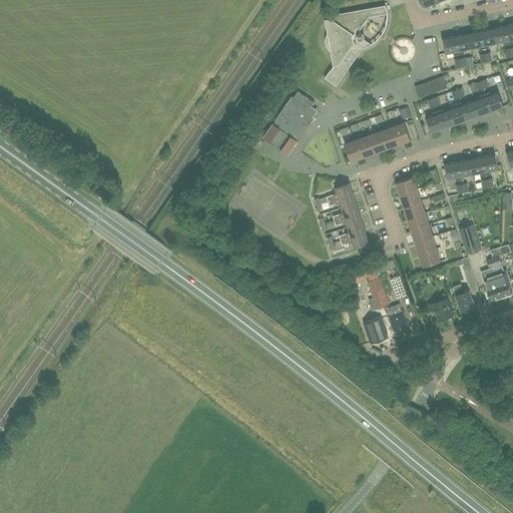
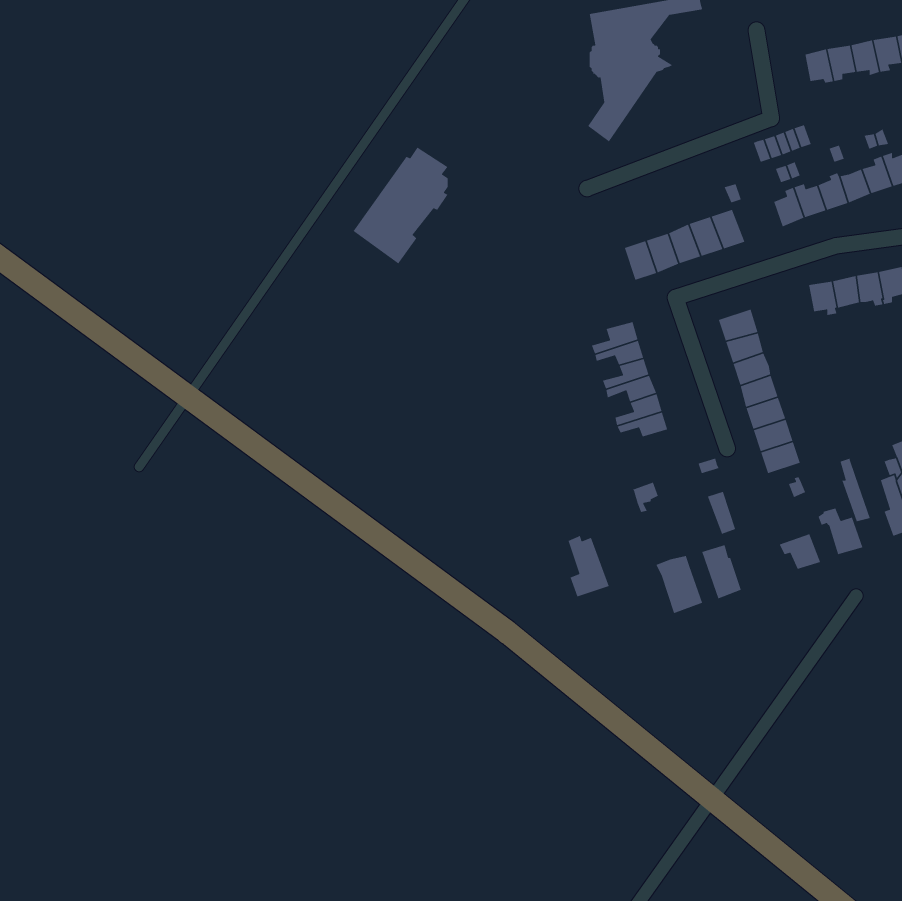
building: [263,92,315,156] -> [353,147,448,264]
building: [460,225,482,254] -> none
building: [367,278,390,312] -> [567,535,610,598]

